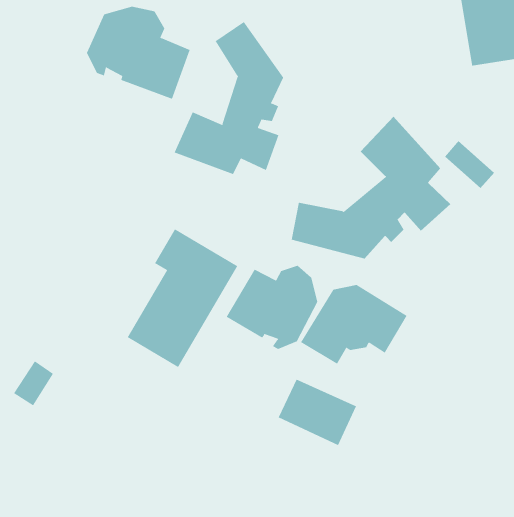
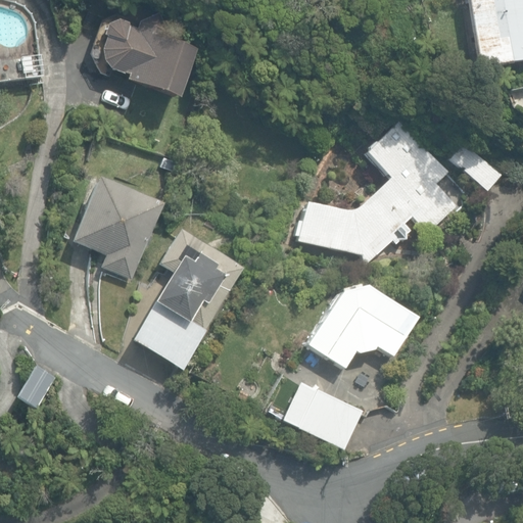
building: [174,21,284,175] -> none
building: none -> [74,178,165,279]
building: [226,265,318,350] -> none

